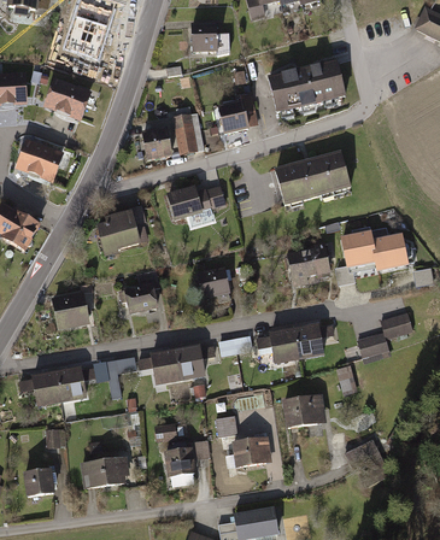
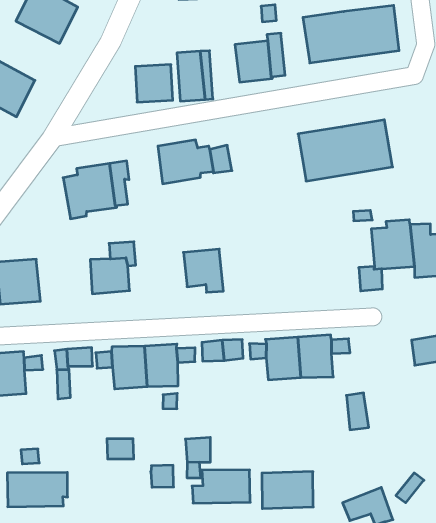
building: [286,241,330,286] -> none
building: [356,330,388,357] -> none
building: [282,394,325,428] -> [262,472,313,509]
building: [163,447,194,476] -> none

